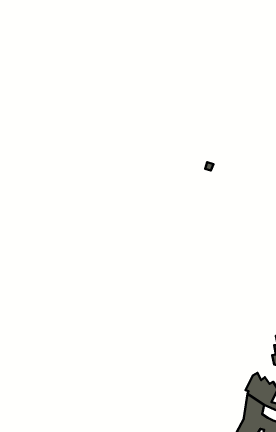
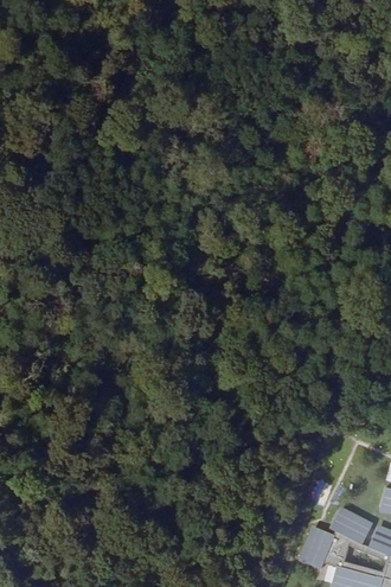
building: none -> [300,527,332,570]

